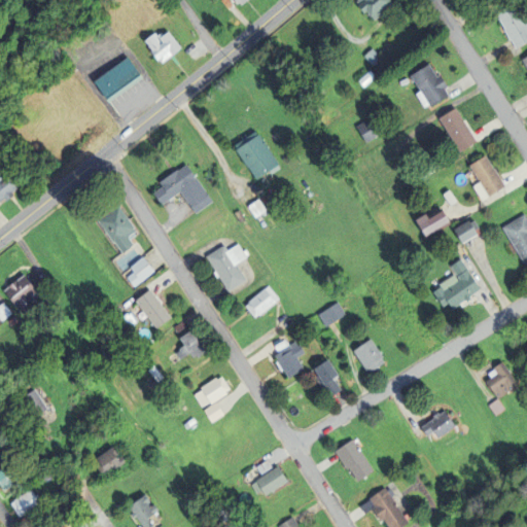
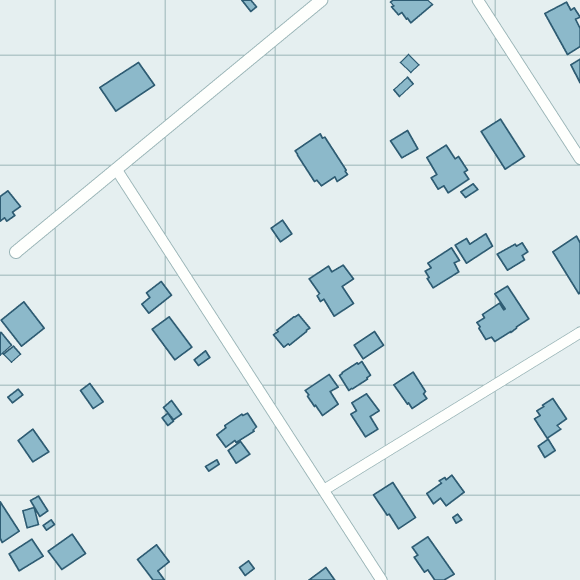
building: [141,31,179,63] -> none
building: [410,65,448,108] -> [427,145,469,193]
building: [232,132,279,179] -> [295,134,347,186]
building: [467,156,504,202] -> none
building: [154,164,212,214] -> none
building: [101,203,140,251] -> none
building: none -> [425,248,459,288]
building: [209,243,249,289] -> [309,265,353,316]
building: [178,327,210,357] -> none
building: none -> [339,361,370,391]
building: [425,409,459,436] -> [427,475,464,506]
building: [89,446,122,478] -> [48,534,86,569]
building: [254,463,290,493] -> none

